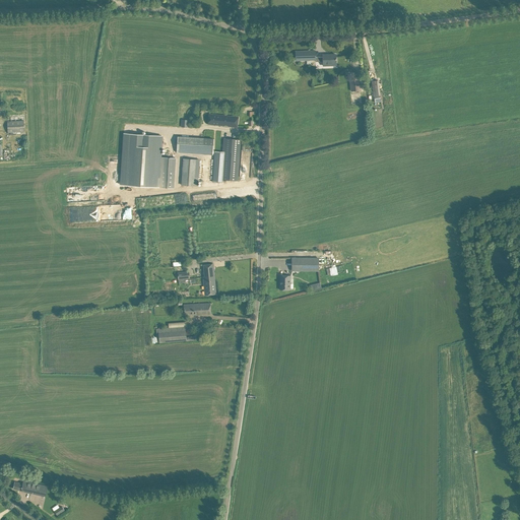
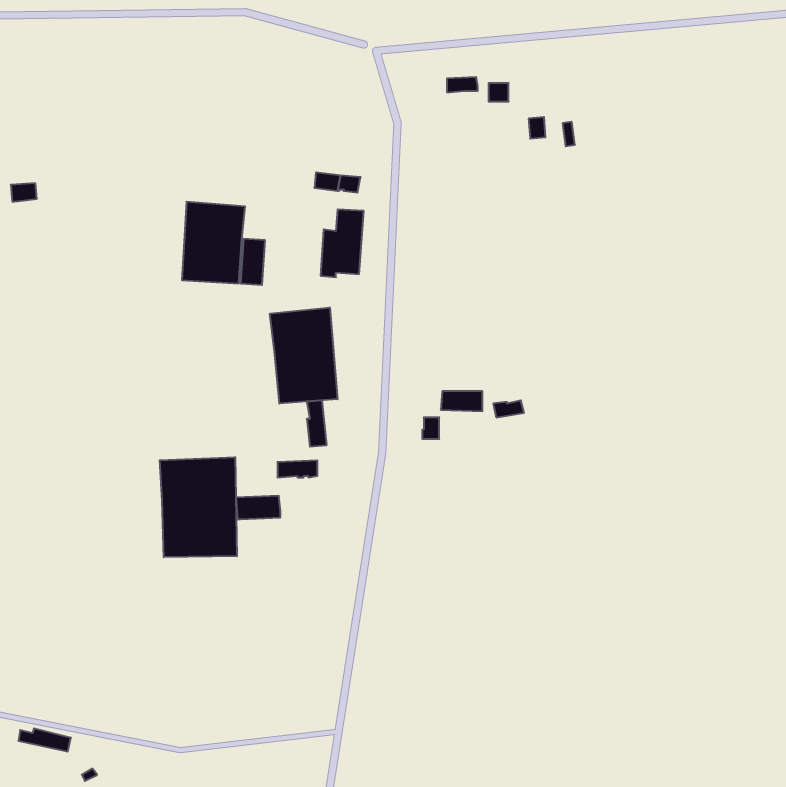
building: [176,136,212,154] -> none
building: [181,158,198,186] -> none
building: none -> [270,307,338,404]
building: none -> [160,457,237,557]

